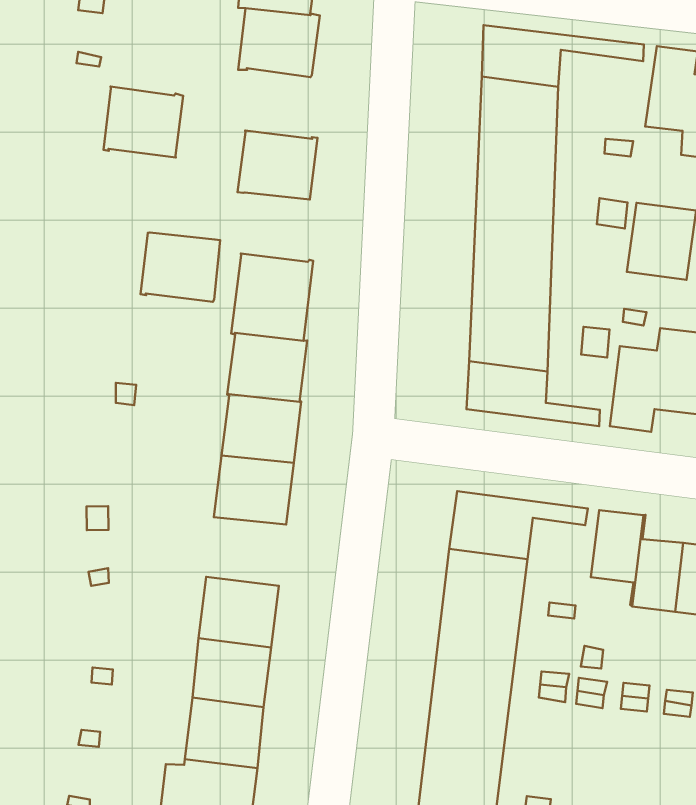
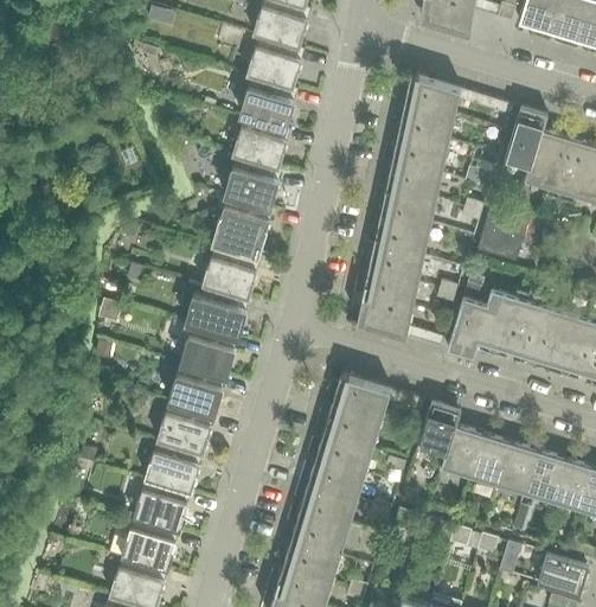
building: [103,87,183,157] -> [241,76,299,129]
building: [140,232,220,302] -> [224,156,282,209]
building: none -> [168,364,226,416]

